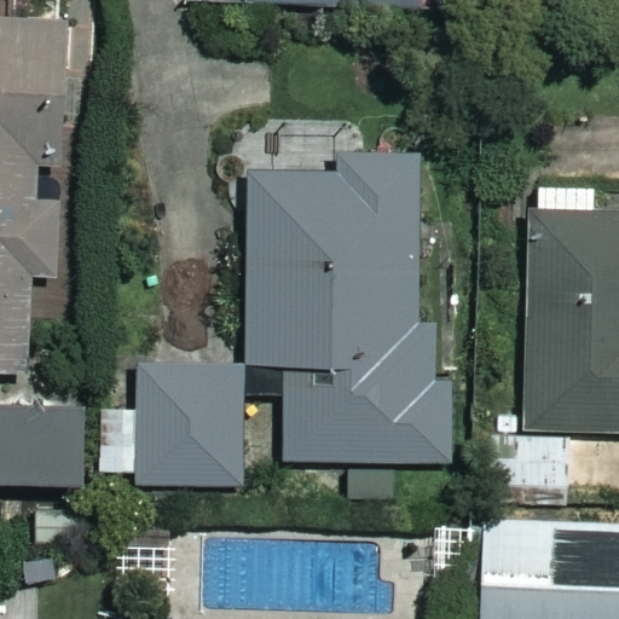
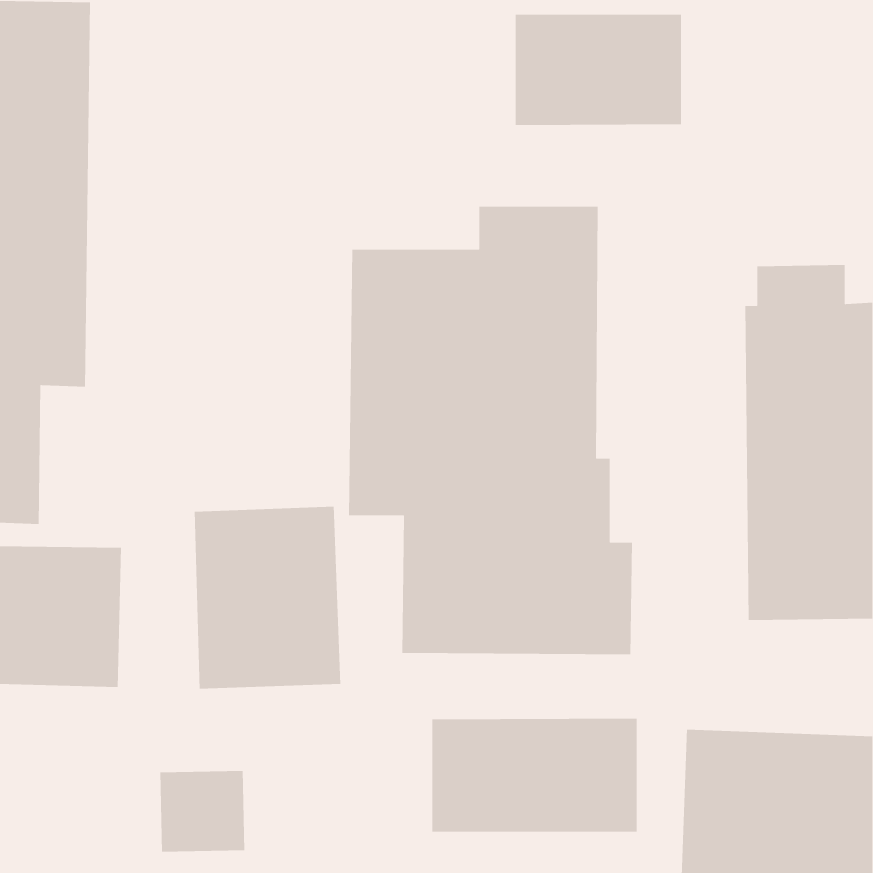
building: none -> [515,14,682,126]
building: none -> [432,718,638,832]

